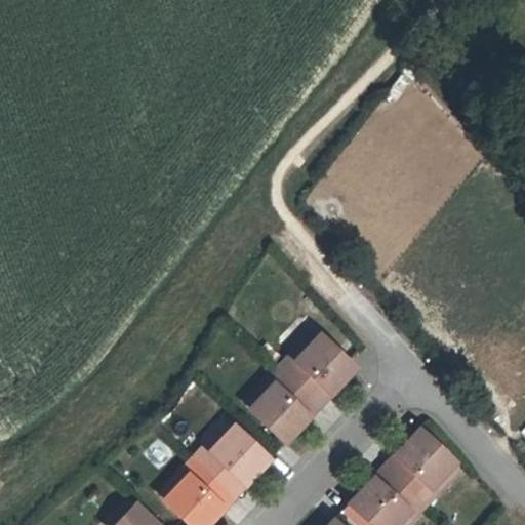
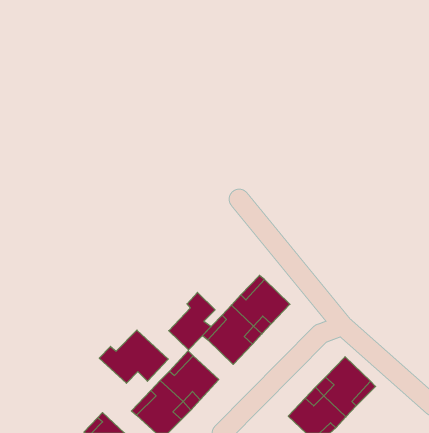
building: none -> [169,292,215,350]
building: none -> [99,330,168,383]

